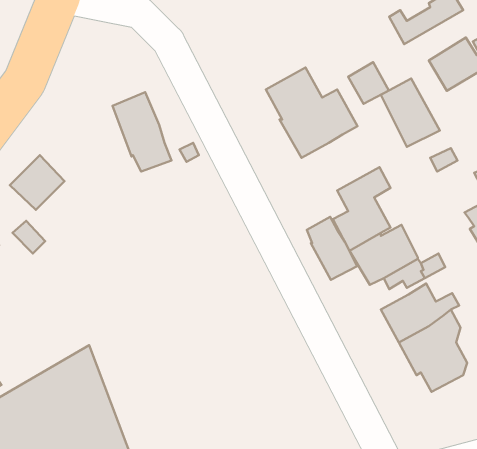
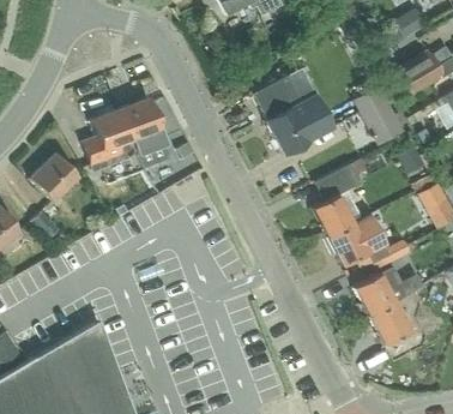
building: [348,62,389,104] -> none
building: none -> [84,109,137,170]
building: [307,217,357,280] -> none

